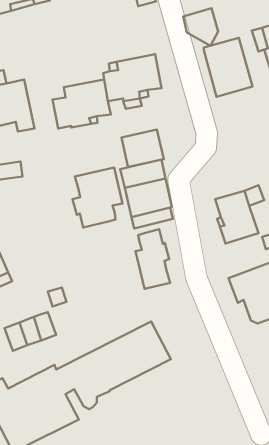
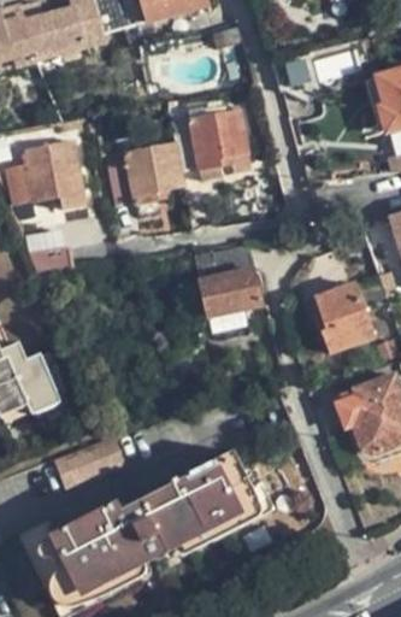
building: [204,38,252,97] -> none
building: [121,130,164,166] -> none
building: [73,168,122,228] -> none
building: [135,229,170,289] -> none

